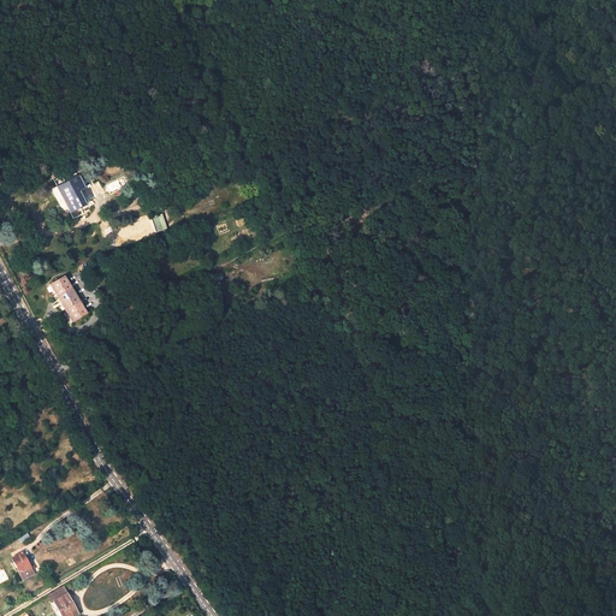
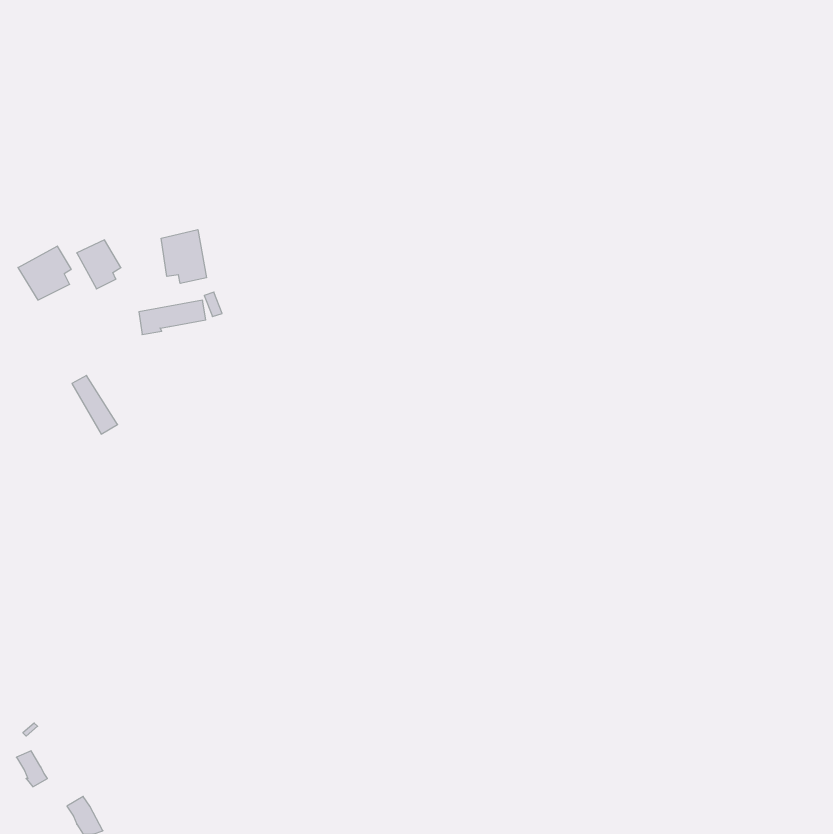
building: none -> [161,230,206,283]
building: none -> [18,246,71,300]

